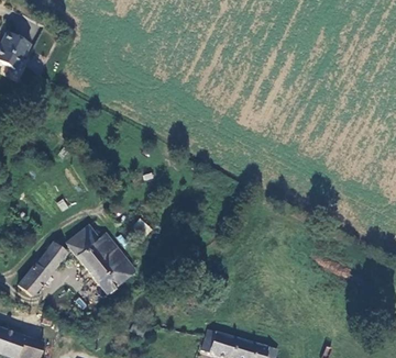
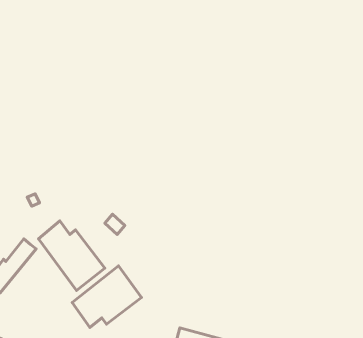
building: none -> [72,266,142,327]

